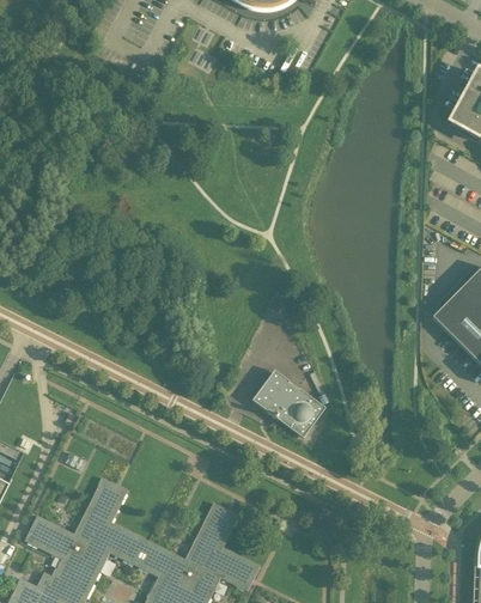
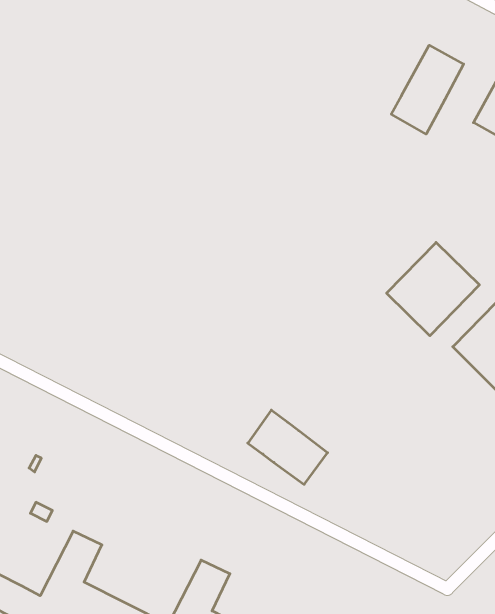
building: none -> [391,45,464,134]
building: none -> [387,242,479,336]

